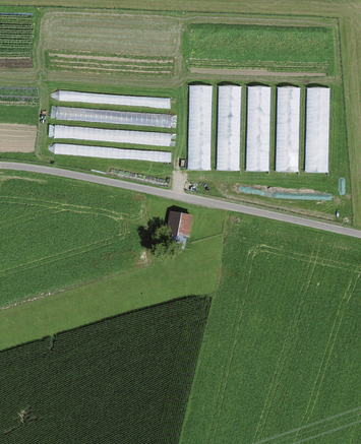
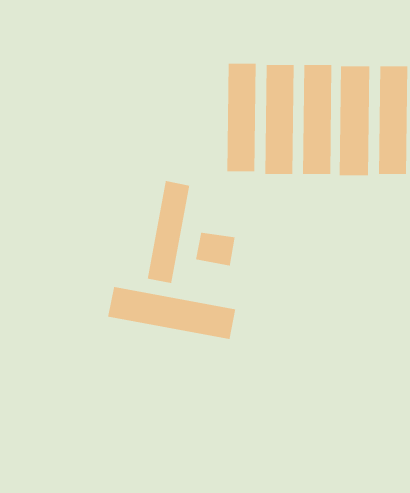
building: none -> [147,180,190,284]
building: none -> [108,286,236,340]

